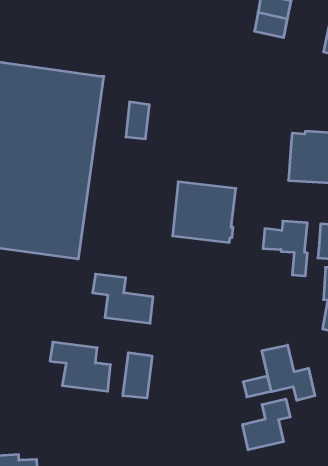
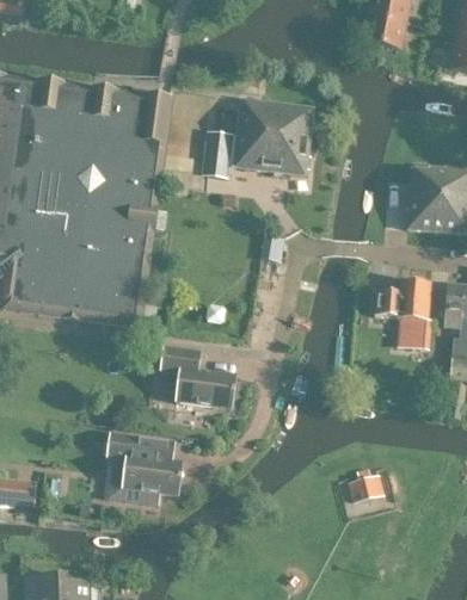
building: [172,182,236,242] -> [232,99,312,175]
building: [262,345,315,400] -> none
building: [123,353,152,398] -> none
building: [243,399,290,450] -> none

